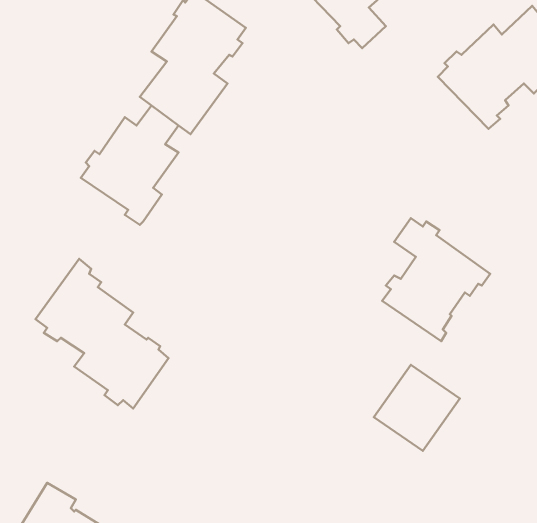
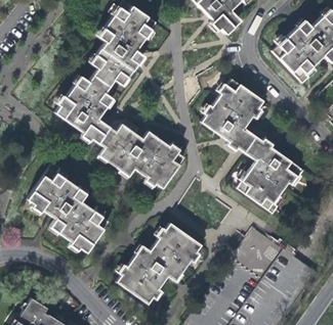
building: none -> [201,79,263,151]
building: none -> [92,123,184,188]
building: none -> [116,227,201,305]

